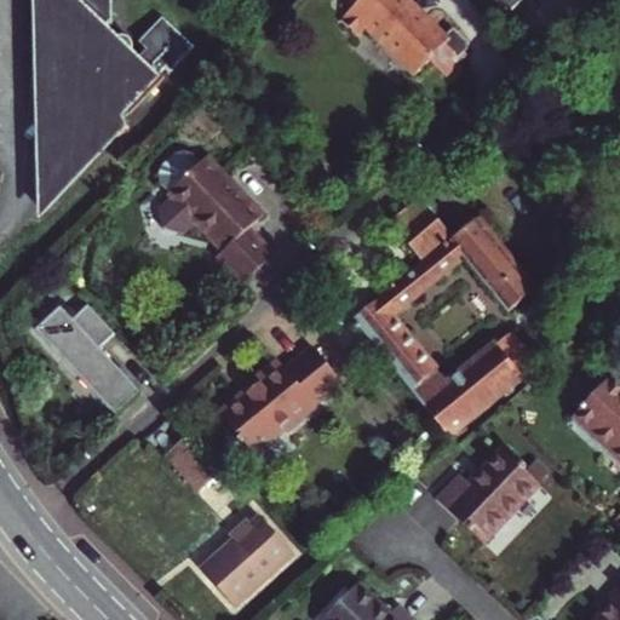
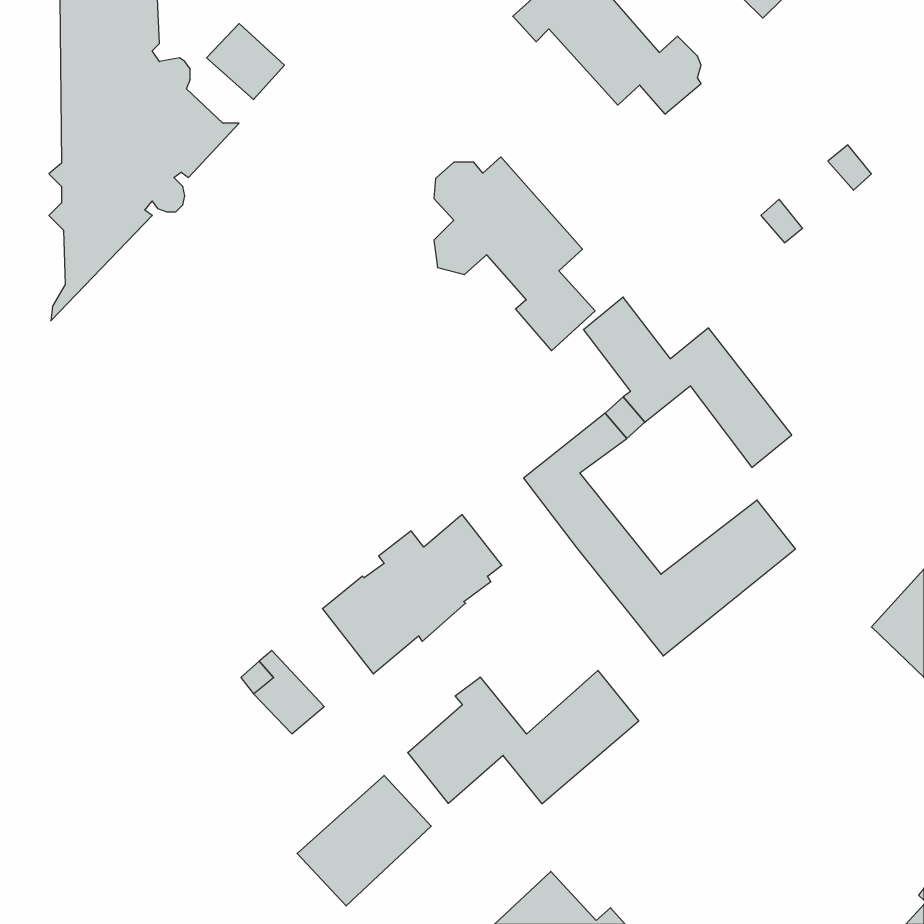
building: [163,153,271,282] -> [434,157,595,351]
building: [38,300,140,411] -> none
building: none -> [408,670,639,804]
building: [443,449,547,544] -> none

